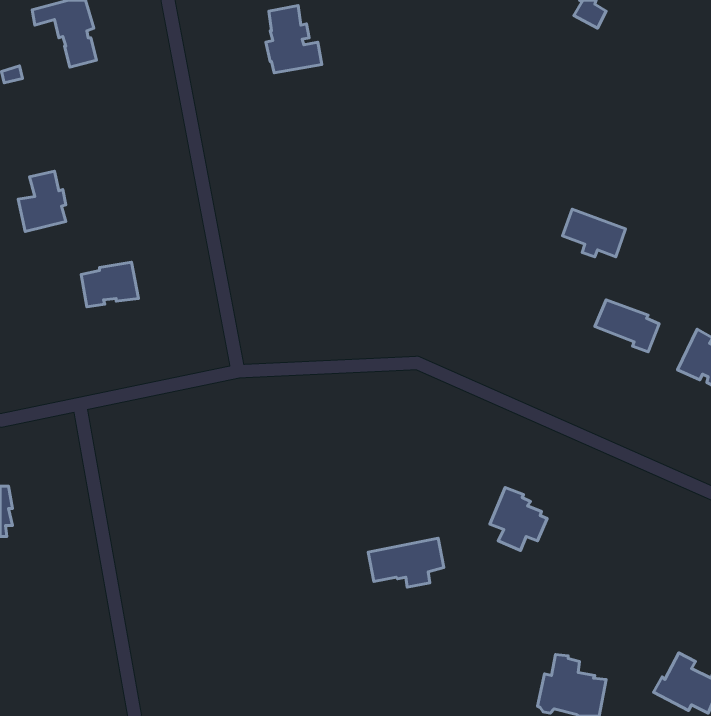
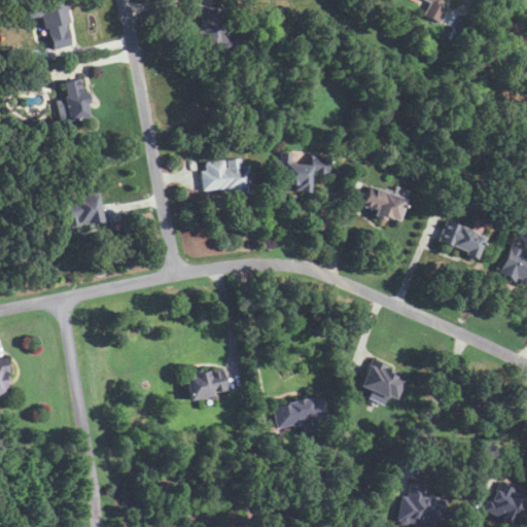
building: [18,171,66,231] -> [57,77,92,121]
building: none -> [276,150,332,191]
building: [563,209,626,257] -> [363,185,410,220]
building: none -> [202,157,253,194]
building: none -> [188,370,231,400]

